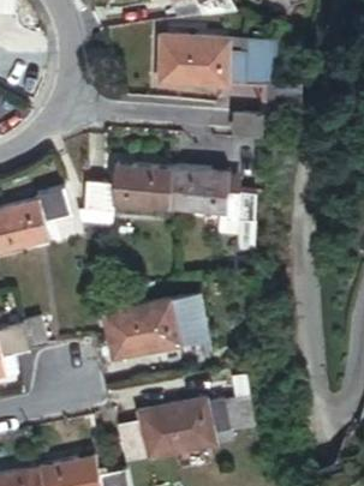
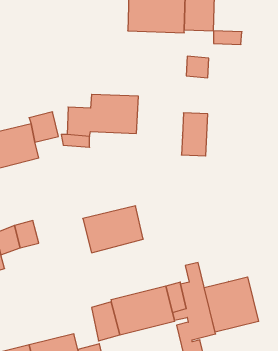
building: [172,164,229,212] -> none
building: [171,292,208,340] -> none
building: none -> [204,277,259,332]

